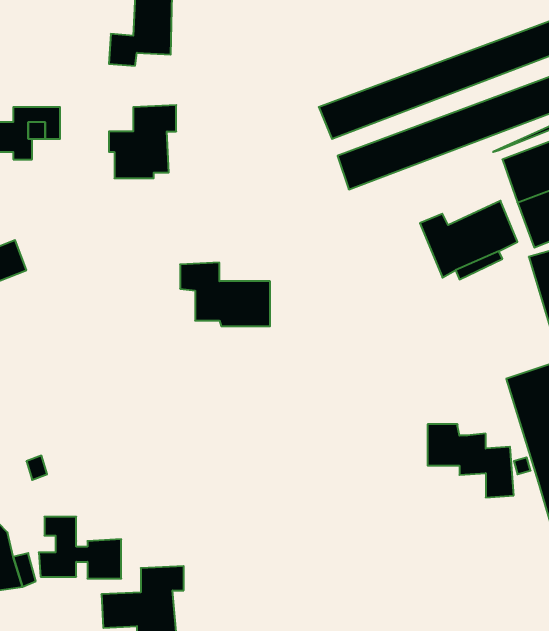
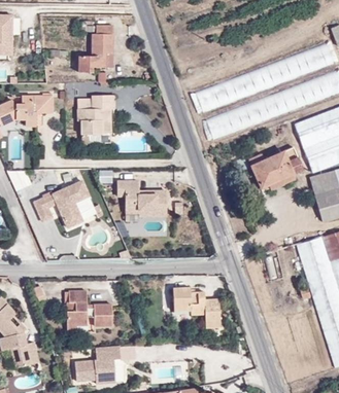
building: none -> [33,180,89,227]
building: [428,424,514,497] -> [173,286,221,326]
building: [39,517,121,579] -> [66,290,111,324]

